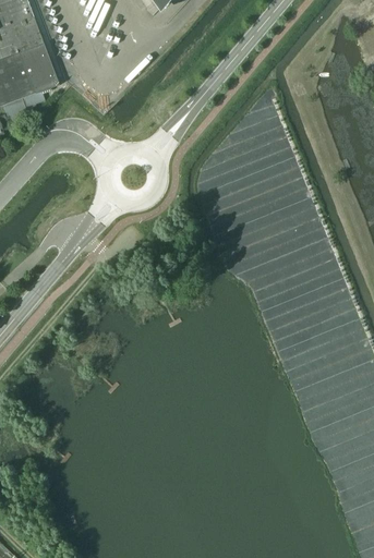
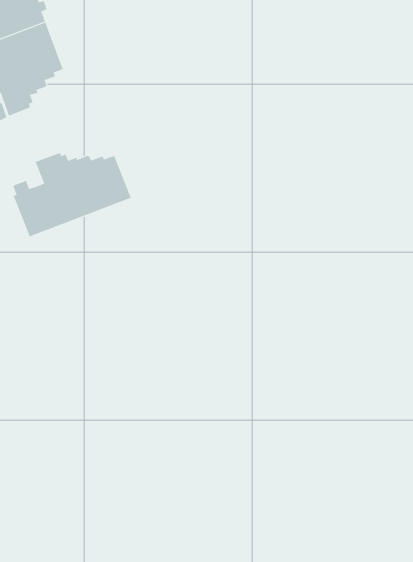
building: none -> [12,152,132,237]

